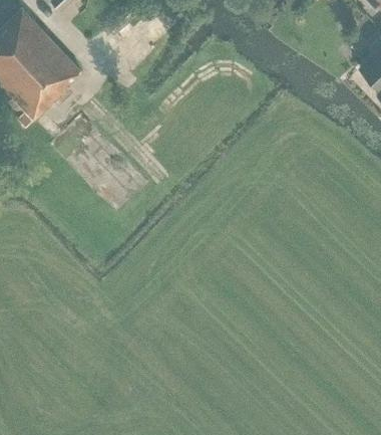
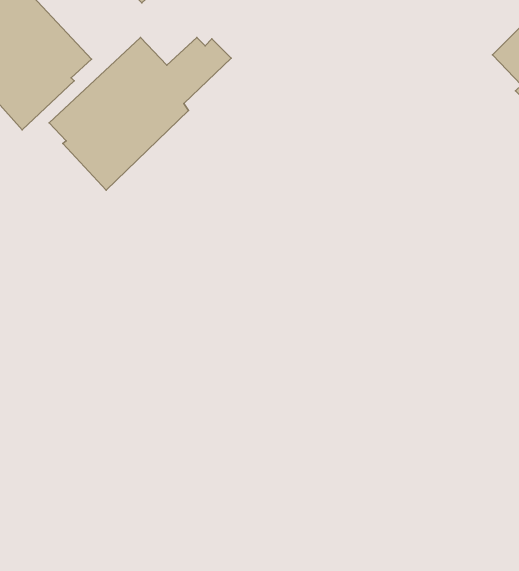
building: none -> [49,37,231,190]

